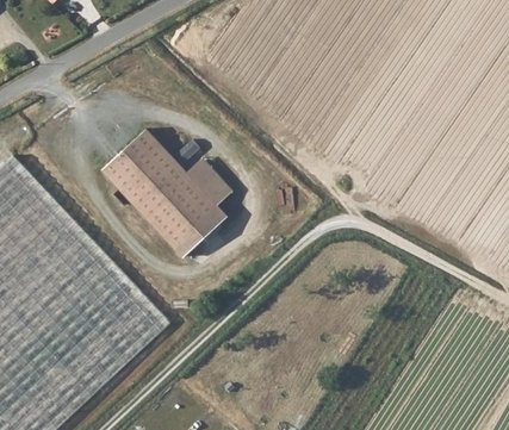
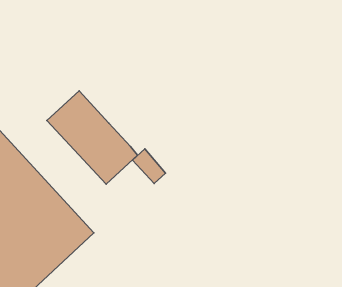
building: [186,158,231,206] -> [132,149,166,184]

